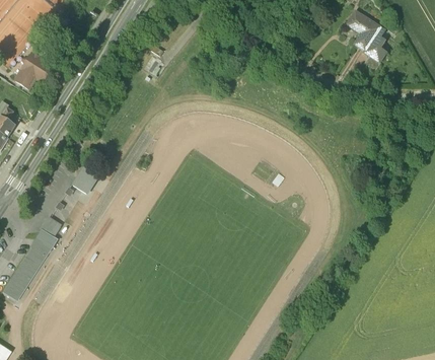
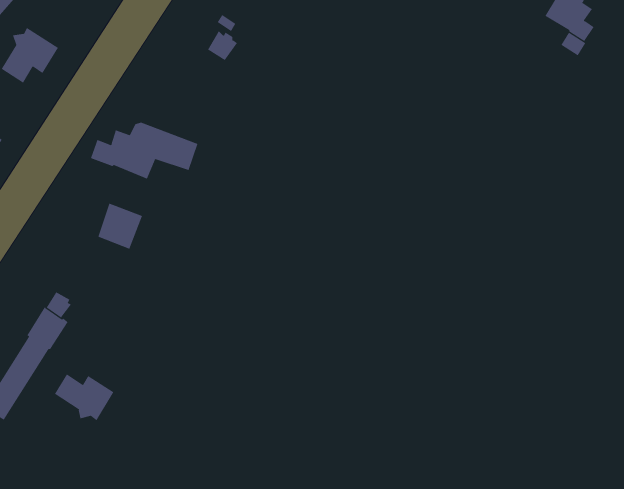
building: none -> [88,122,198,180]
building: none -> [54,374,114,421]

